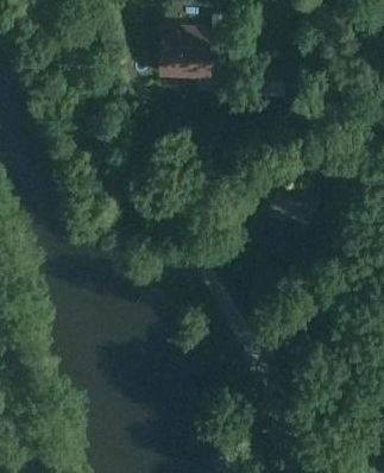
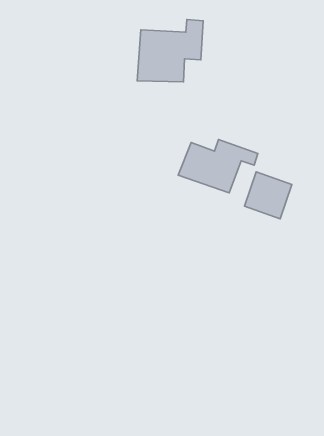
building: none -> [178,139,258,193]

